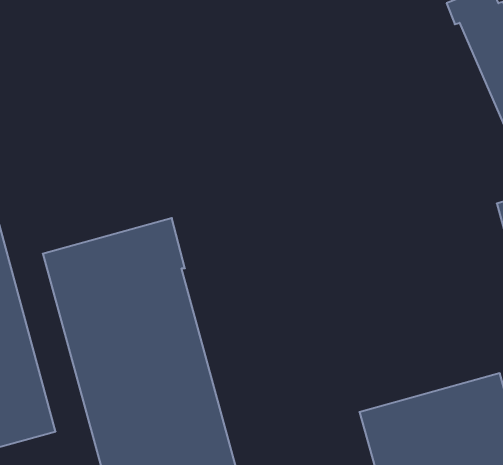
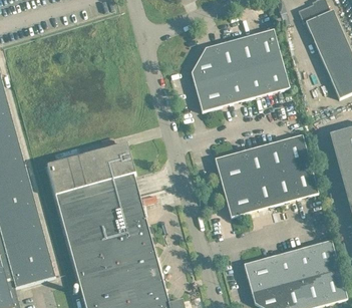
building: none -> [192,28,290,111]
building: none -> [215,133,319,217]

